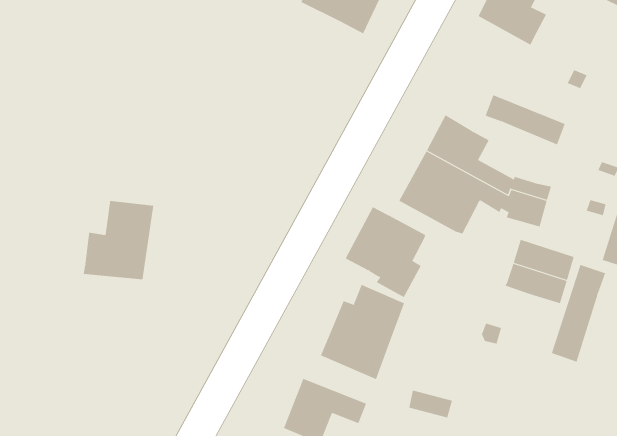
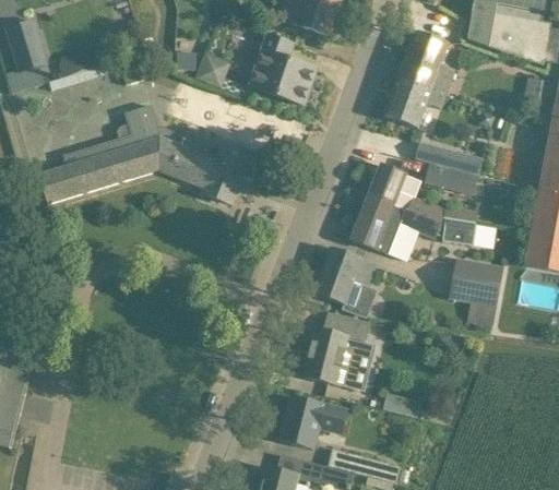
building: none -> [38,105,252,203]
building: none -> [383,77,444,128]
building: none -> [425,163,477,194]
building: [83,200,154,280] -> none
building: [551,264,606,362] -> none

